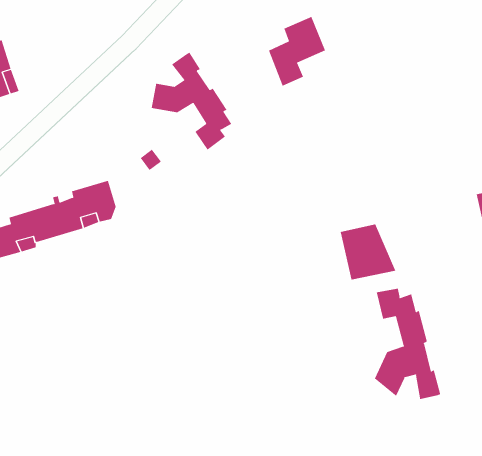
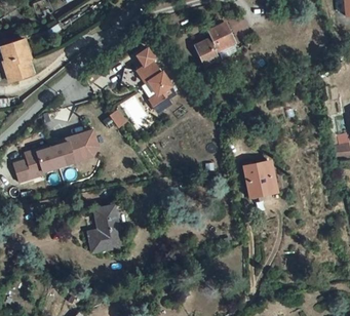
building: [374,288,441,400] -> none
building: none -> [88,203,121,249]

